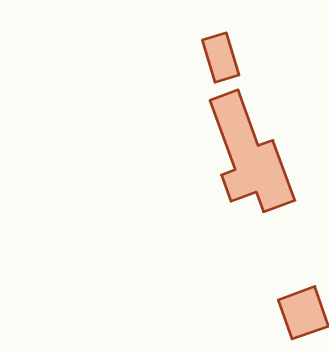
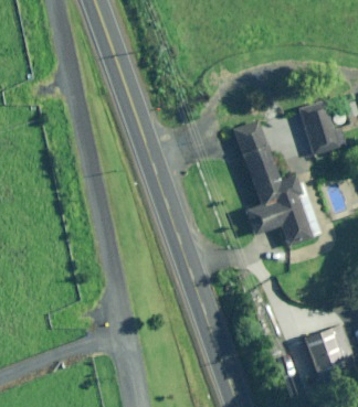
building: [202,33,239,82] -> [299,101,338,153]

